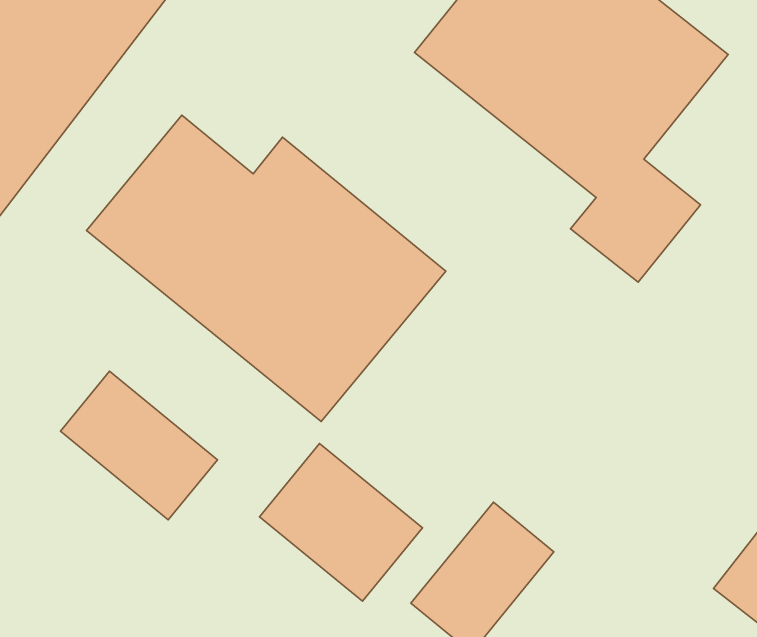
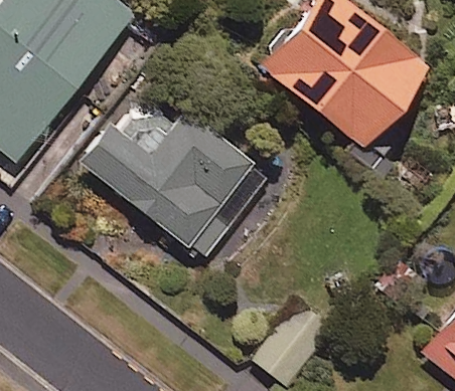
building: [60,371,217,520] -> none
building: [260,444,422,601] -> none

